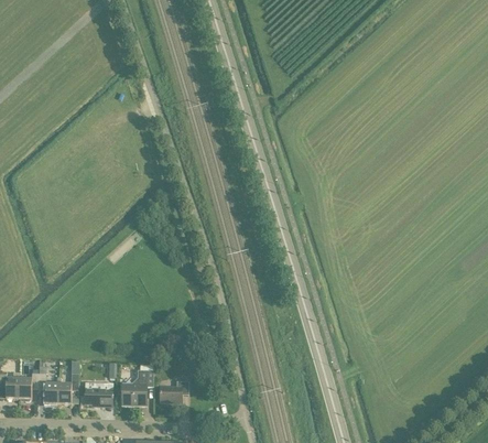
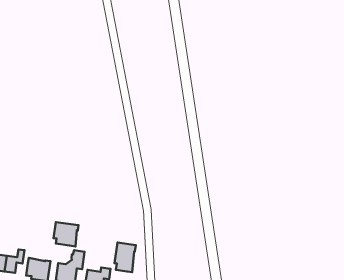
building: none -> [54,222,79,246]
building: none -> [114,243,136,272]

